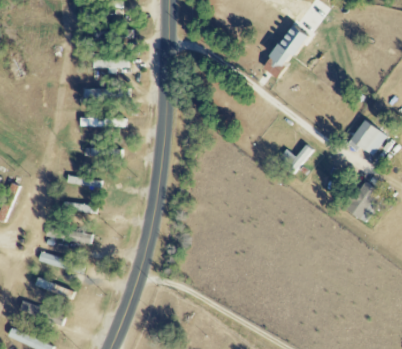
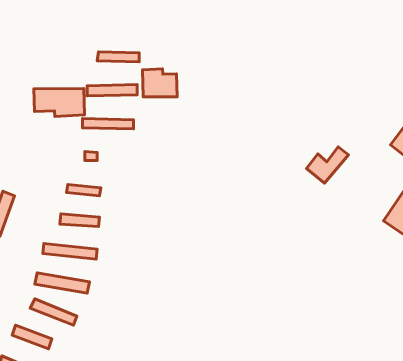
building: [264,23,310,81] -> none
building: none -> [143,69,177,97]
building: none -> [34,88,84,116]

